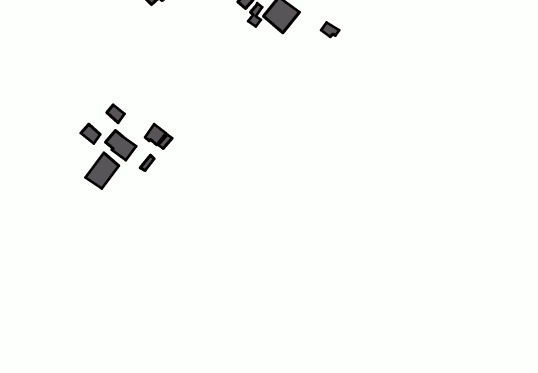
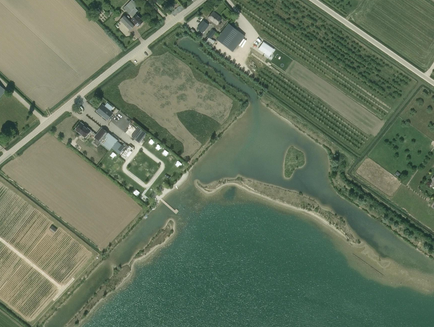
building: [85,153,119,188] -> none

